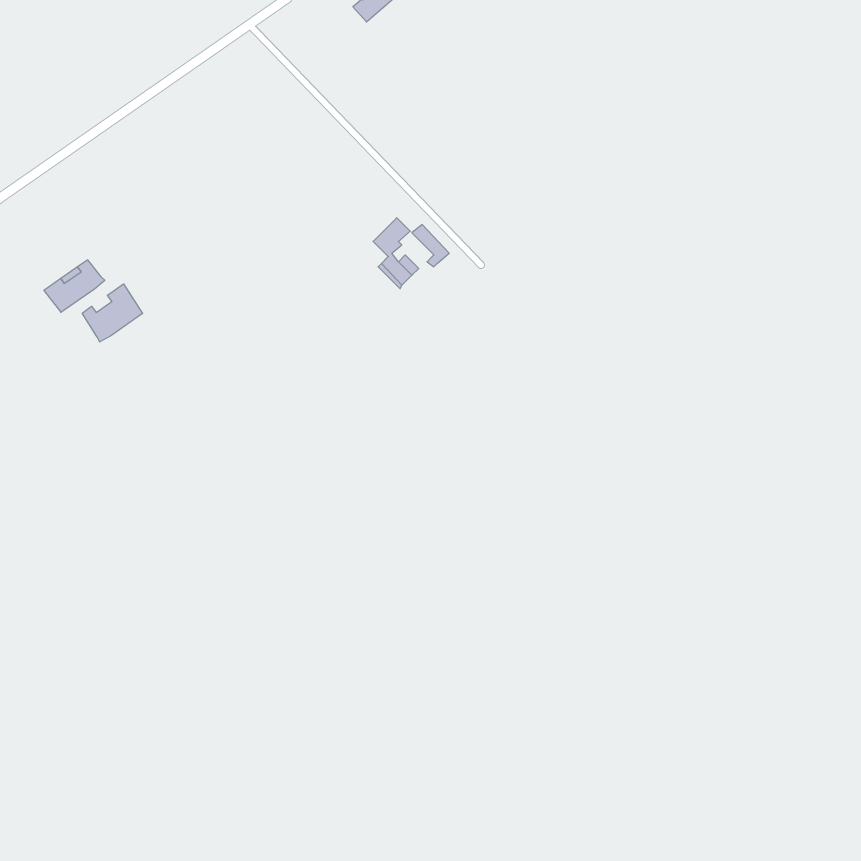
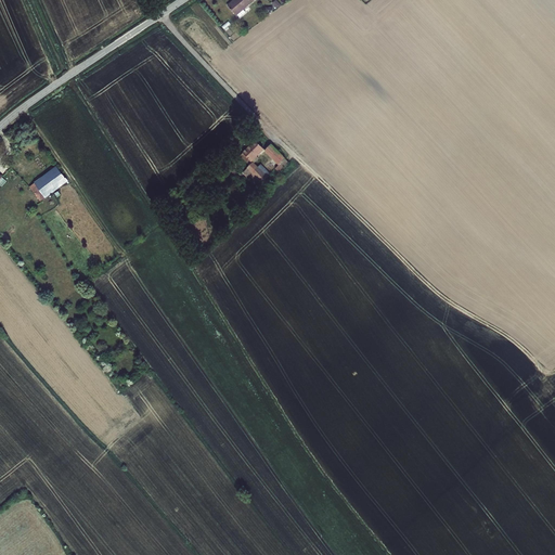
building: [82,284,143,342] -> none

